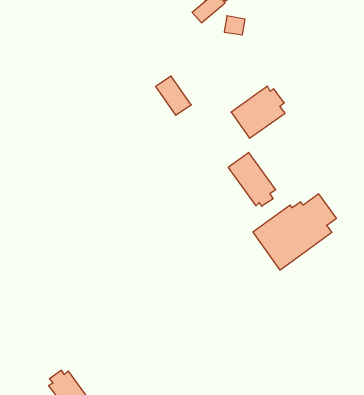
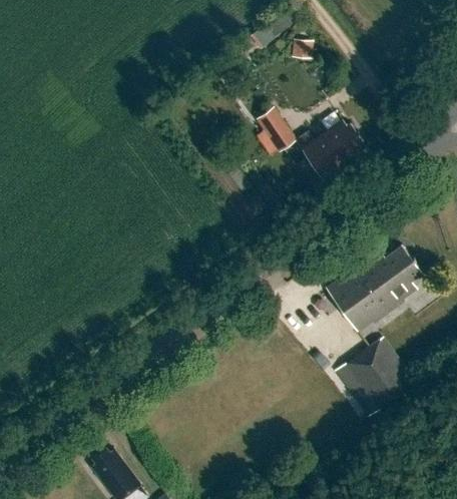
building: [156,76,191,115] -> [256,107,297,152]
building: [228,152,276,206] -> none
building: none -> [335,338,415,418]

